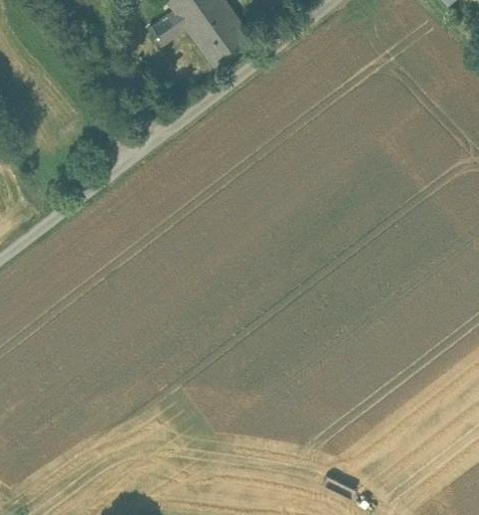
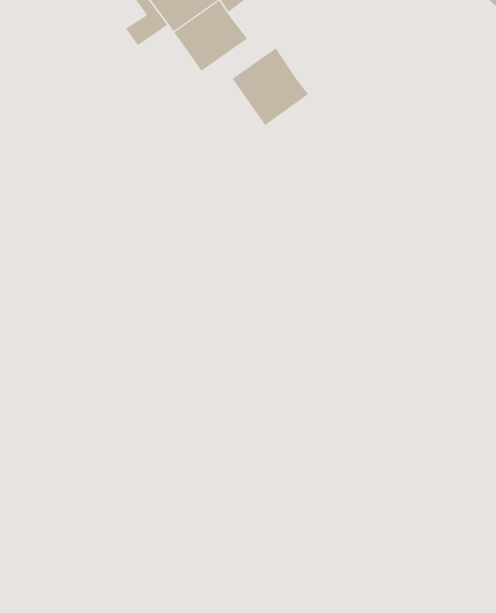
building: none -> [232,47,309,126]

